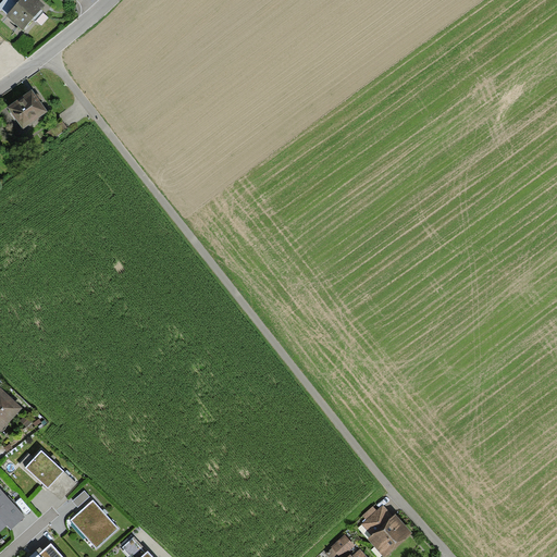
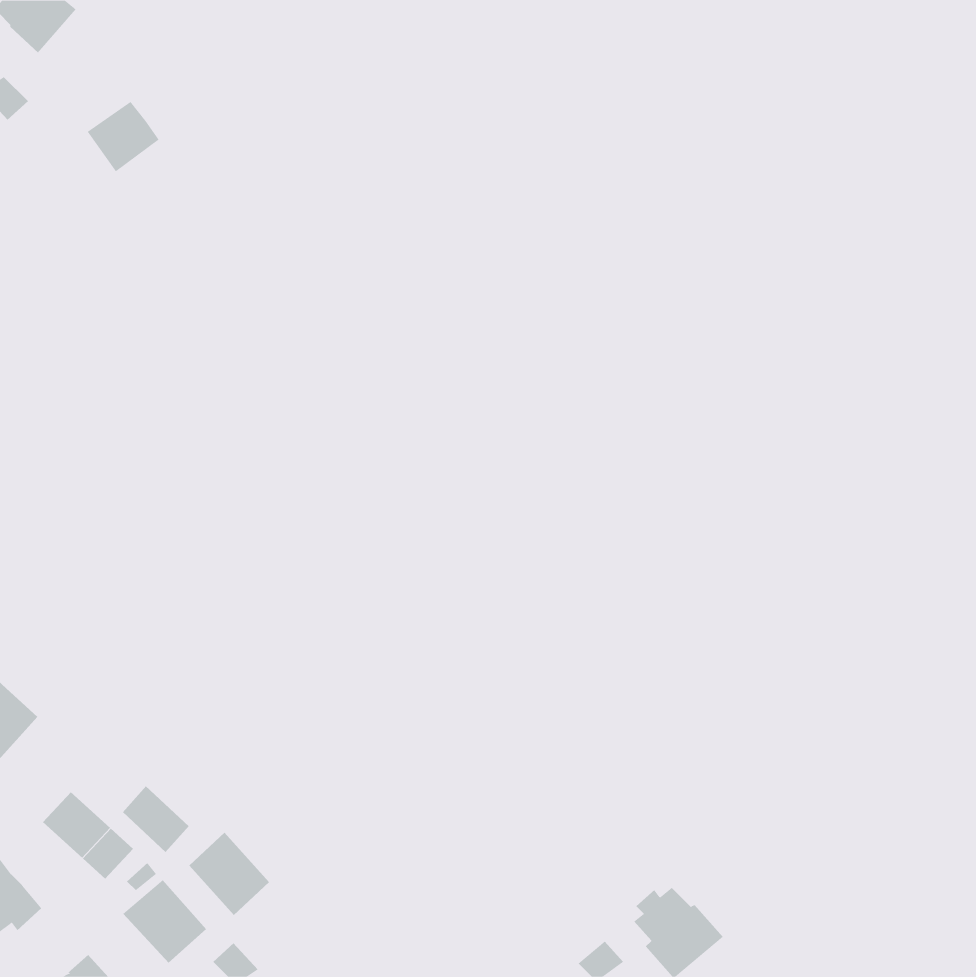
building: [5,89,47,129] -> [87,101,160,172]
building: none -> [122,786,189,853]
building: none -> [189,832,270,916]

